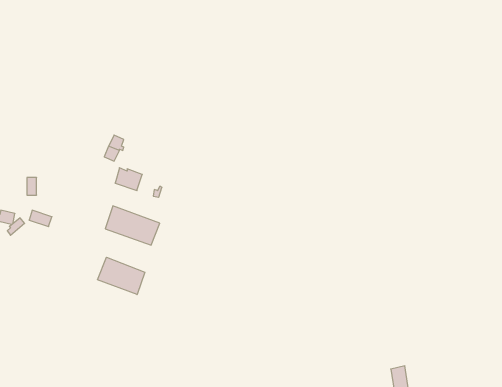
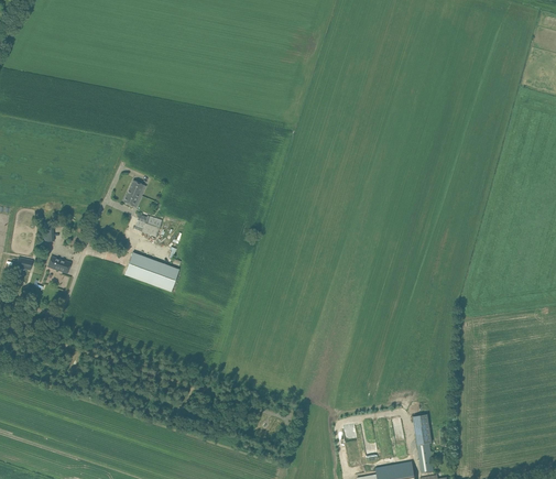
building: [97,257,145,295] -> none

